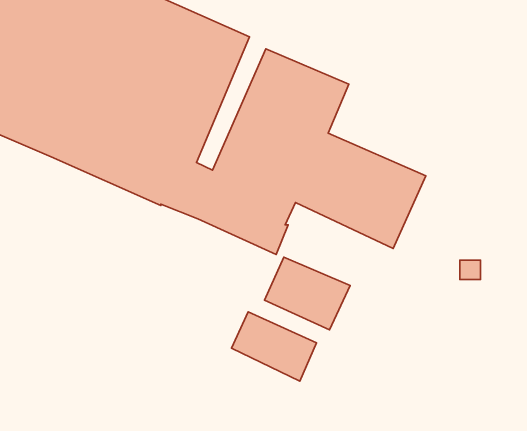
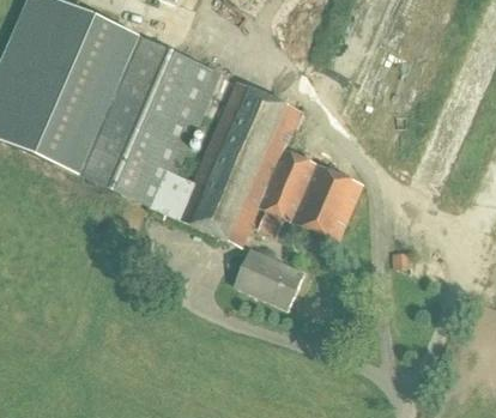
building: [231,312,317,381] -> none

